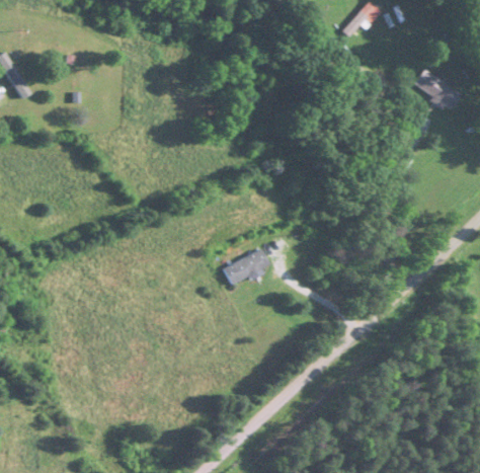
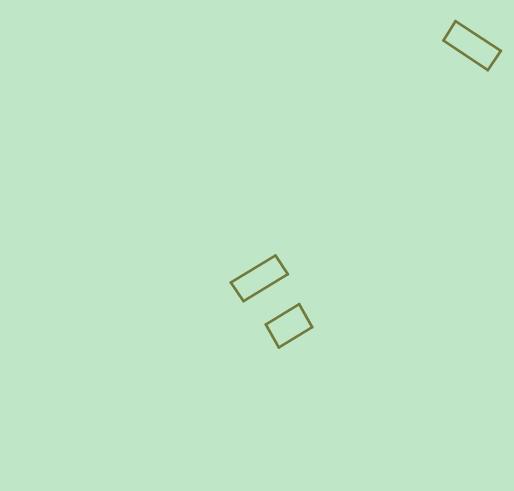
building: none -> [266,304,312,348]

